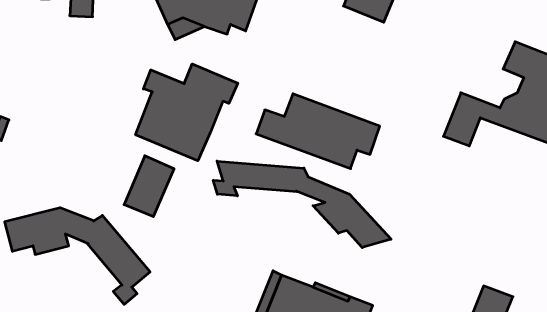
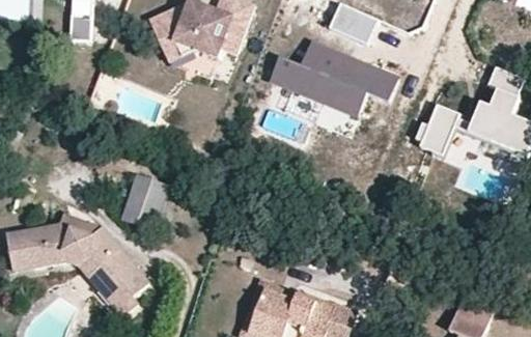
building: [136,64,238,161] -> none
building: [256,94,380,169] -> [273,43,391,114]
building: [213,161,391,248] -> none

